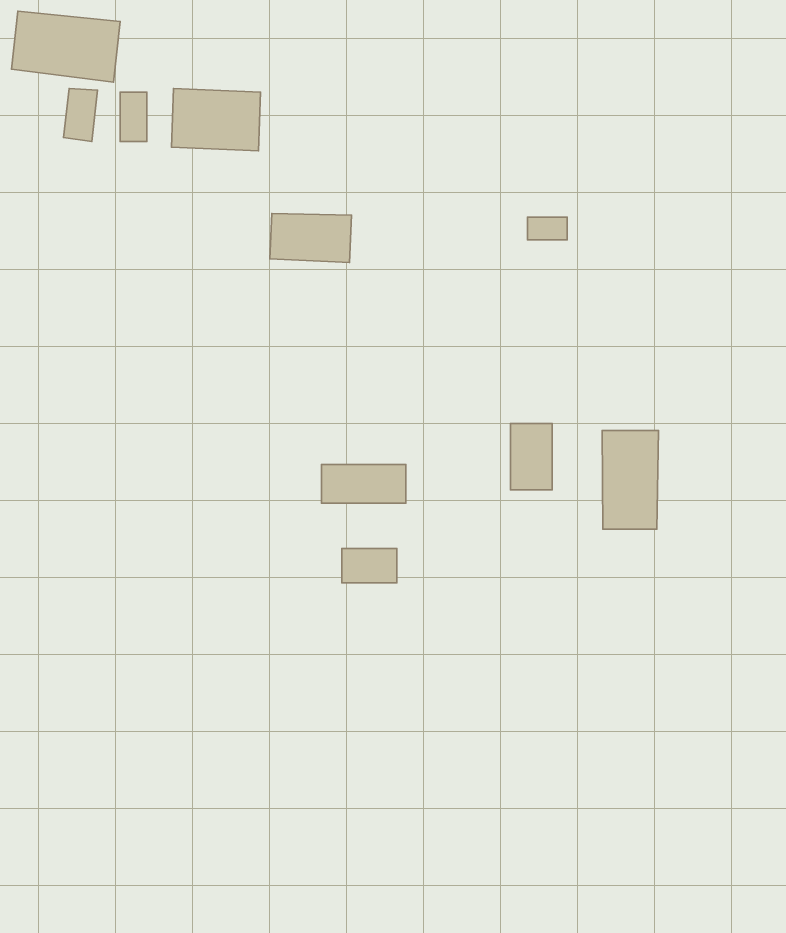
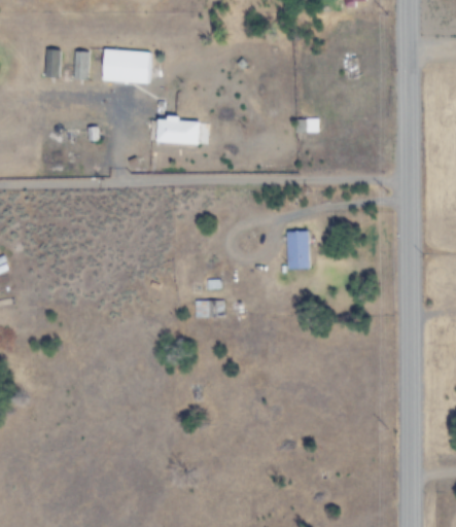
building: [12,11,120,82] -> none
building: [602,431,658,529] -> none
building: [321,465,406,503] -> none

